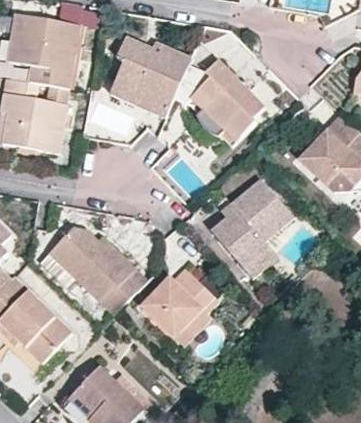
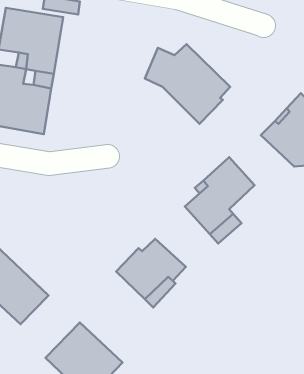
building: [108,38,190,116] -> none
building: [46,226,145,314] -> none

